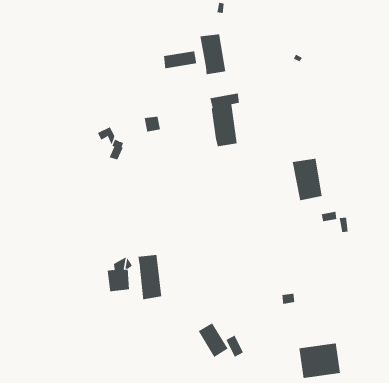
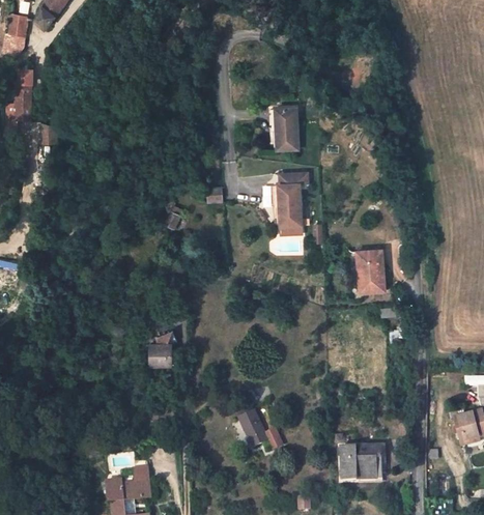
building: [163,51,197,69] -> none
building: [138,254,162,300] -> none

